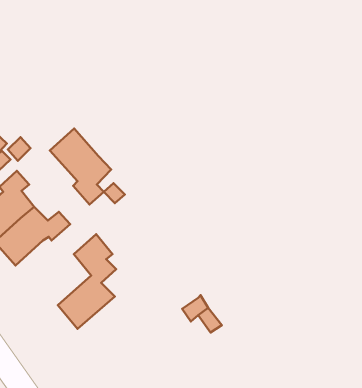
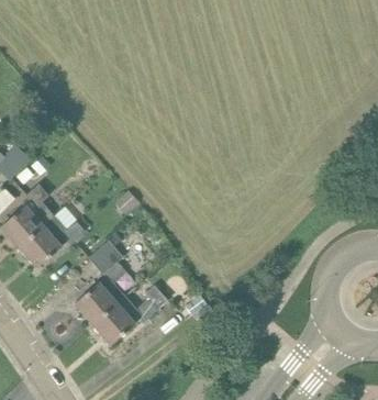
building: [50,129,111,205] -> none
building: none -> [91,287,166,345]

